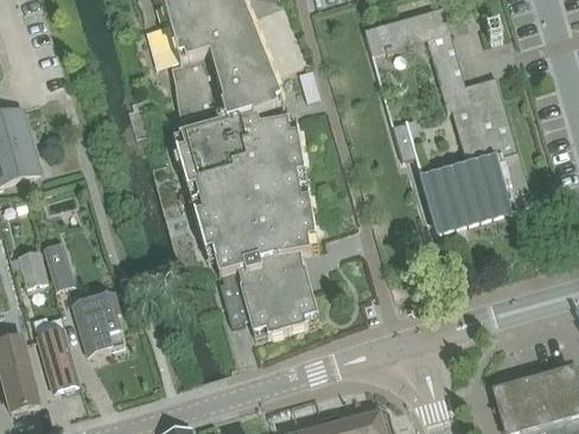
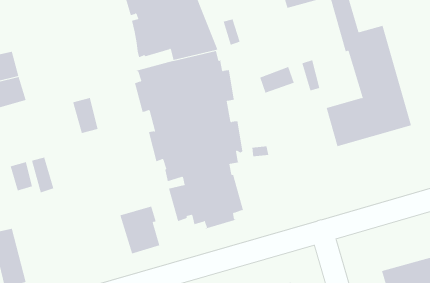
building: none -> [259,66,295,93]
building: none -> [72,97,98,134]
building: [71,292,123,353] -> [119,206,160,254]
building: [37,327,78,389] -> none

